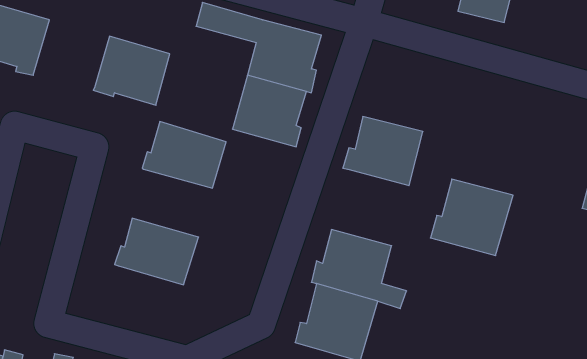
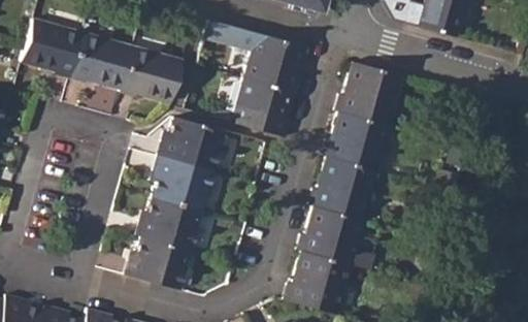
building: none -> [69,33,132,89]
building: none -> [336,62,403,125]
building: none -> [151,155,217,212]
building: [430,179,513,256] -> [310,156,378,219]
building: none -> [125,235,193,290]

